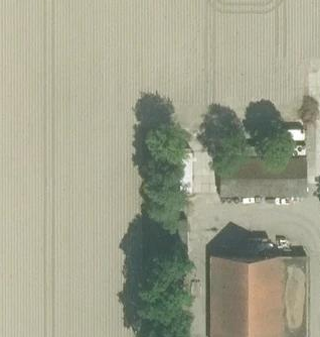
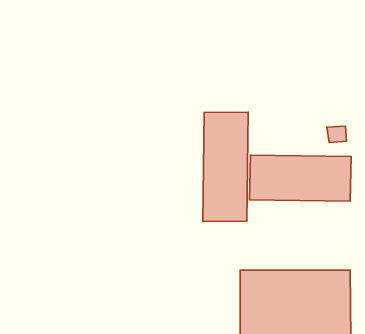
building: none -> [203,112,248,221]

